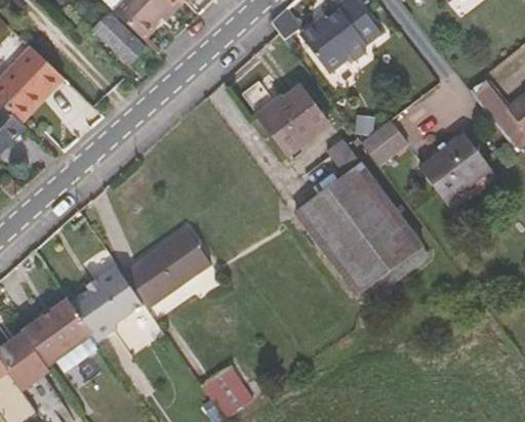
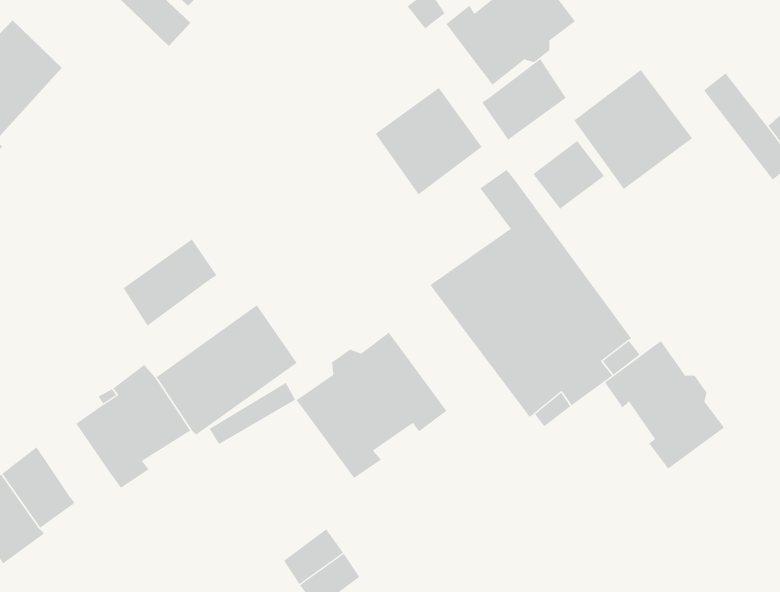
building: none -> [481,58,567,140]
building: [420,134,496,211] -> [574,69,693,190]
building: none -> [123,238,217,327]
building: none -> [296,332,447,479]
building: none -> [604,340,725,470]
building: [42,295,89,345] -> none

